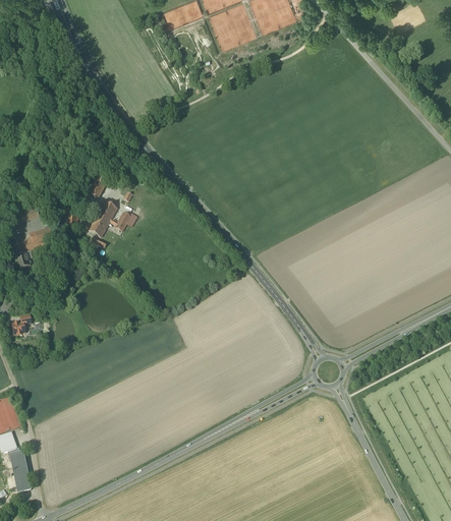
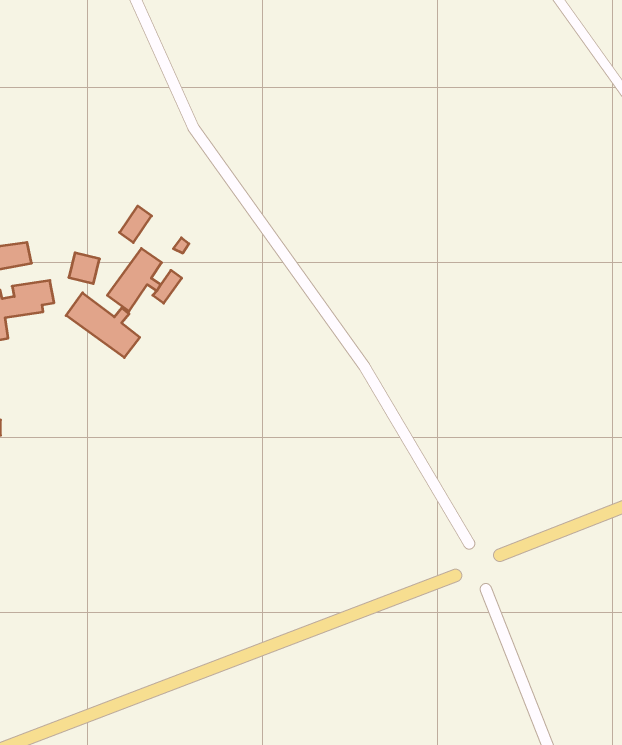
building: none -> [66,293,140,358]

